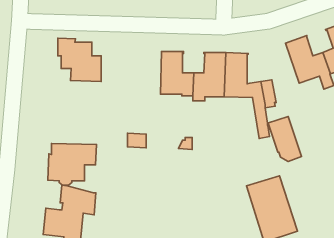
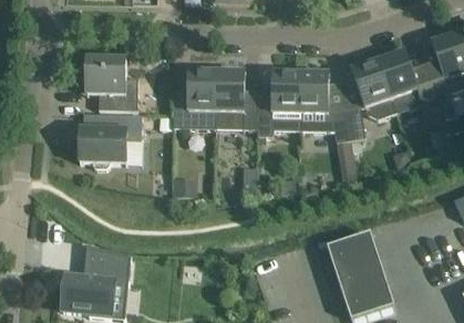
building: none -> [173,70,216,127]
building: [268,117,302,162] -> [351,60,395,118]
building: [48,144,96,185] -> [79,113,142,167]

